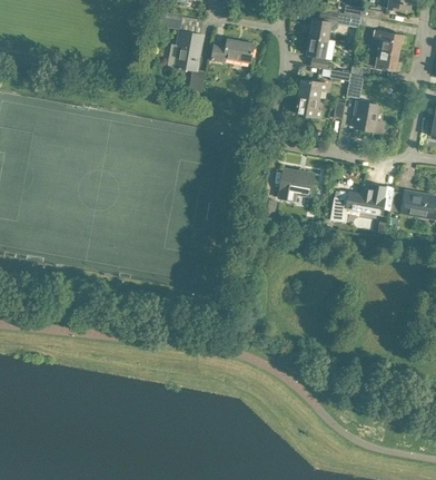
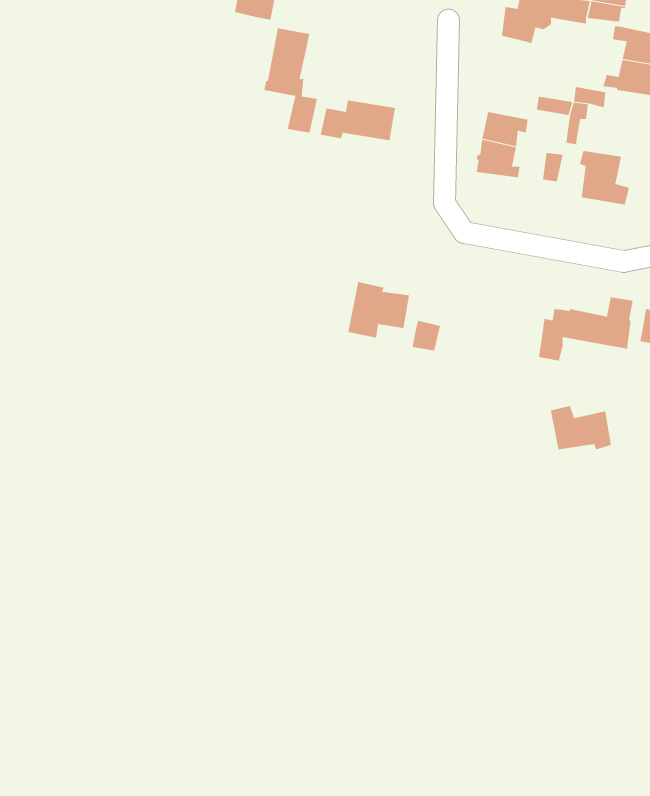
building: [306,36,327,69] -> none
building: [210,39,254,62] -> [320,100,396,141]
building: [277,168,313,200] -> [348,282,410,338]
building: none -> [550,405,611,450]

